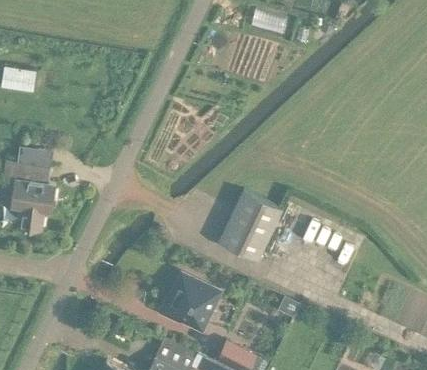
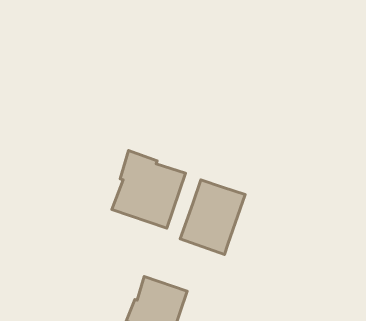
building: none -> [112,151,186,228]

